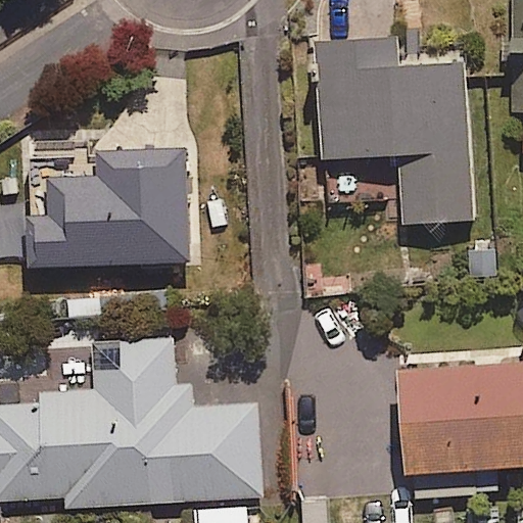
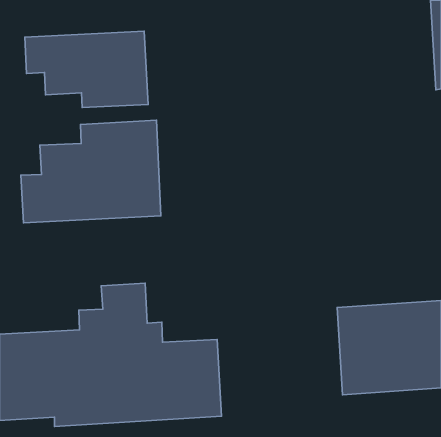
building: [317,36,473,224] -> none
building: none -> [25,31,148,107]

